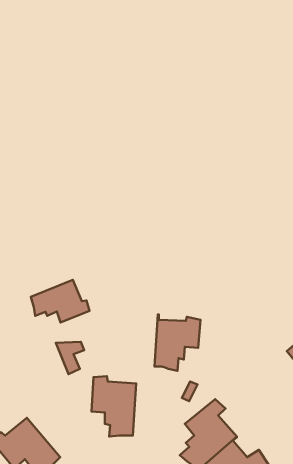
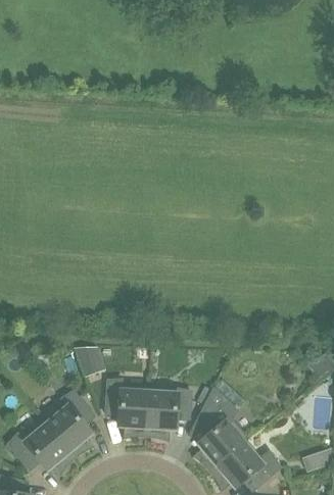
building: [31,280,90,322] -> none
building: [155,315,200,371] -> [146,386,191,441]
building: none -> [42,390,94,458]

